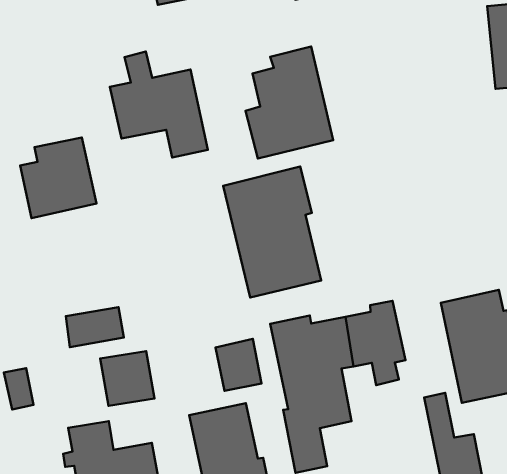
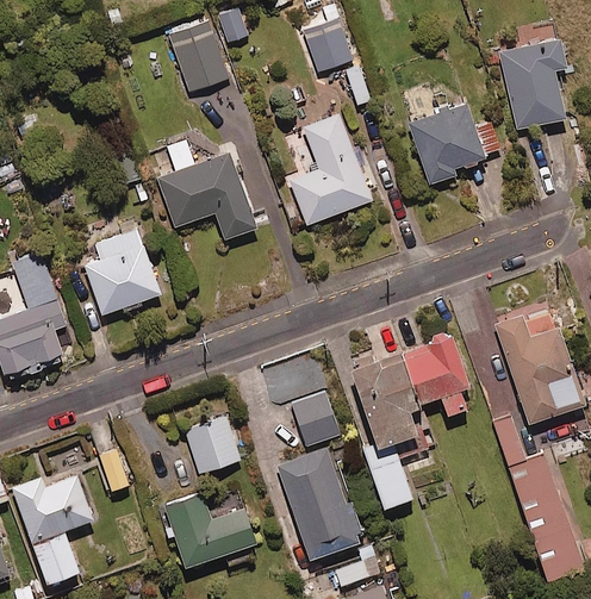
building: none -> [409,101,502,181]
building: [223,166,321,298] -> none
building: [66,307,124,347] -> none

